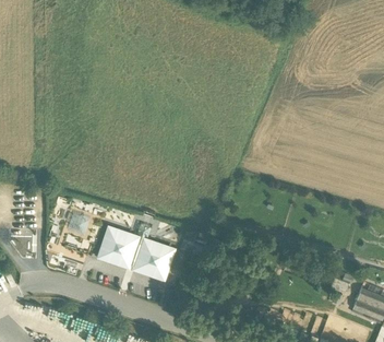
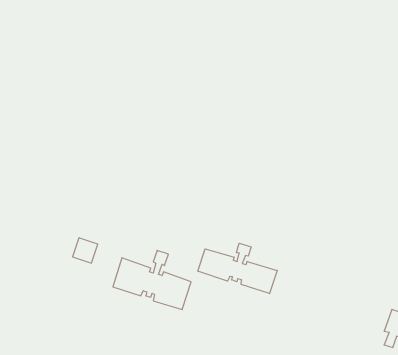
building: none -> [198,243,277,294]

